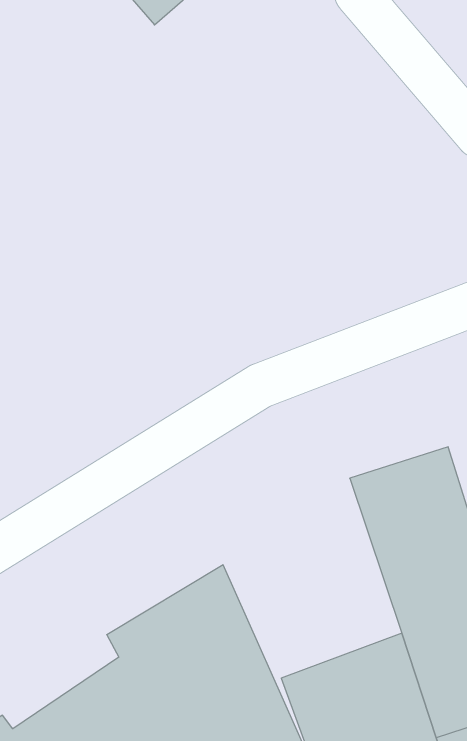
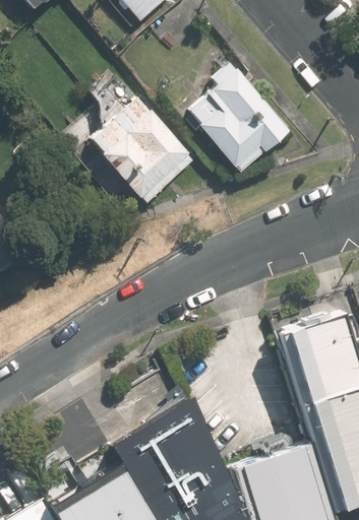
building: none -> [187,68,290,174]
building: none -> [88,95,193,204]

